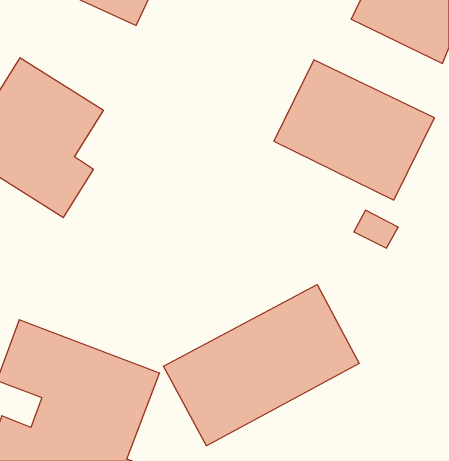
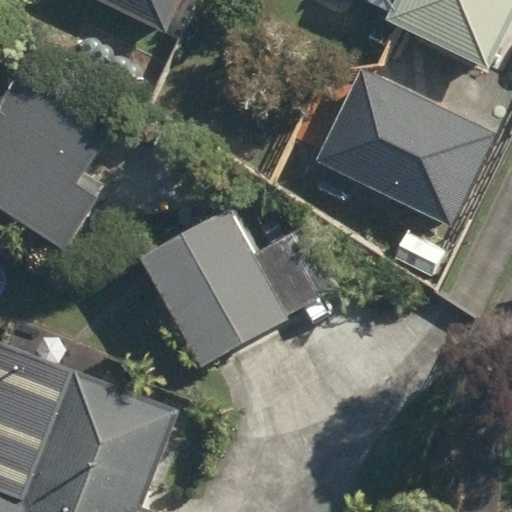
building: none -> [147,209,295,367]
building: [163,285,359,446] -> none

